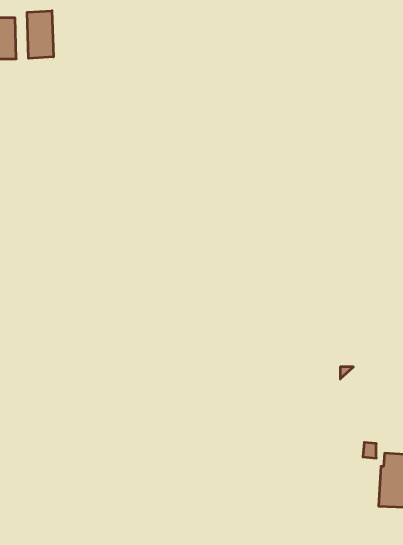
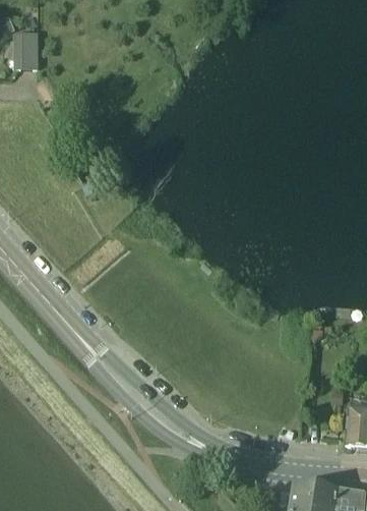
building: [27,11,53,58] -> none

